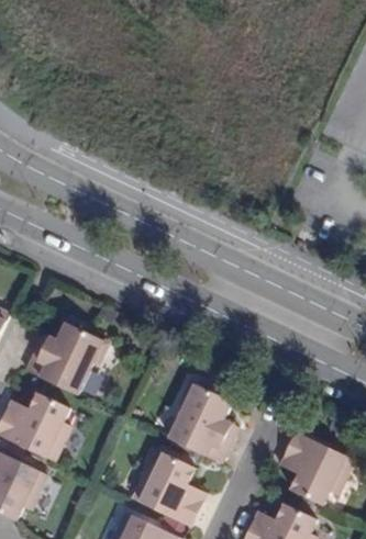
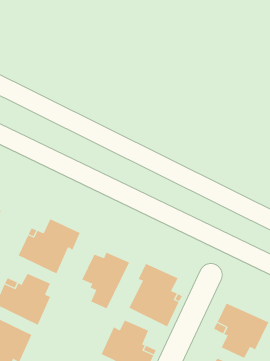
building: none -> [82,252,130,309]

